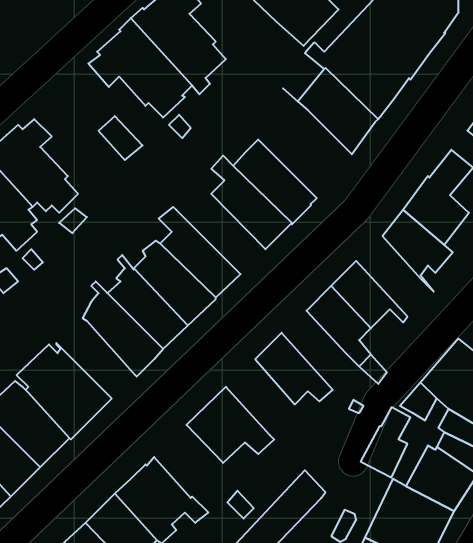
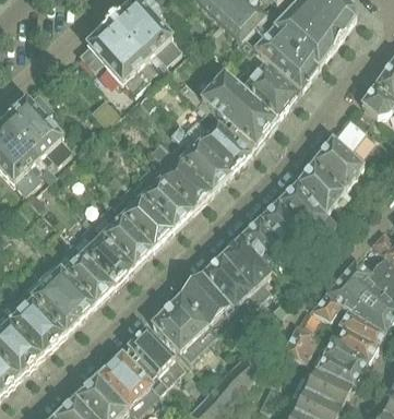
building: none -> [179,72,275,154]
building: none -> [151,141,211,211]
building: none -> [278,182,337,242]
building: none -> [223,238,271,297]
building: none -> [55,241,114,303]
building: none -> [181,274,239,334]
building: none -> [128,327,184,378]

